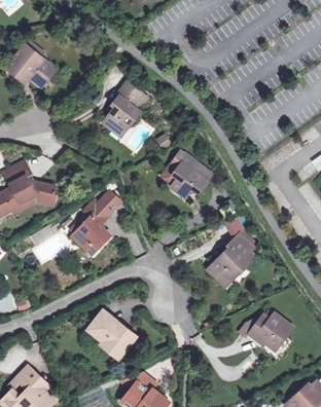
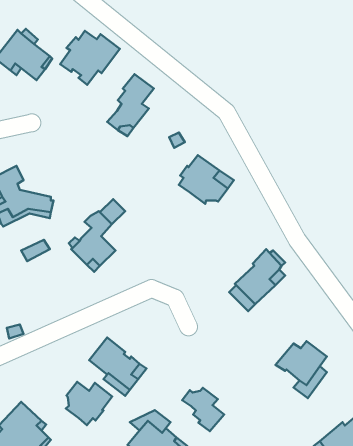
building: none -> [60,31,120,85]
building: none -> [66,382,112,425]
building: none -> [182,388,224,431]

